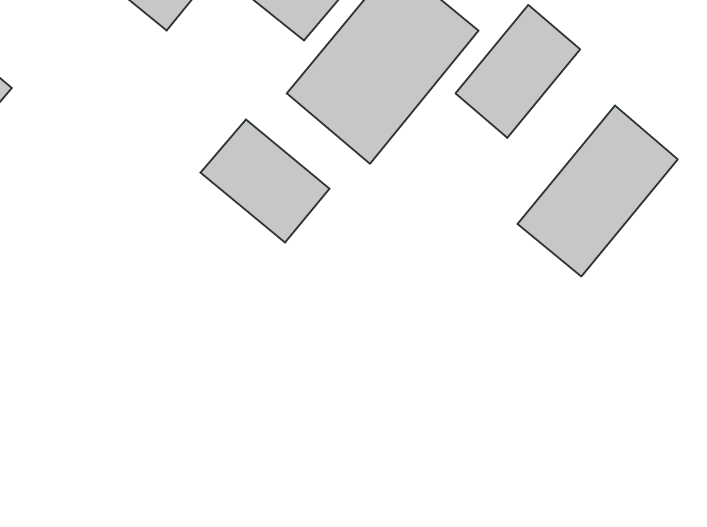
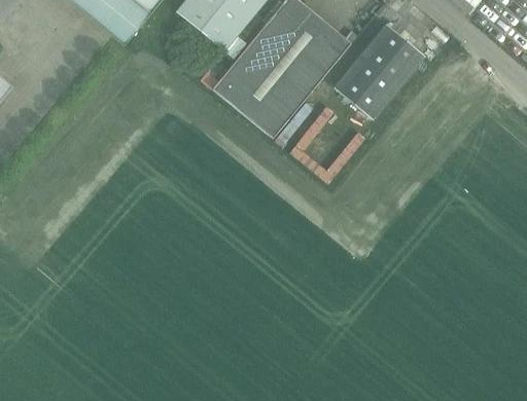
building: [517,105,678,276] -> none
building: [200,119,330,243] -> none

